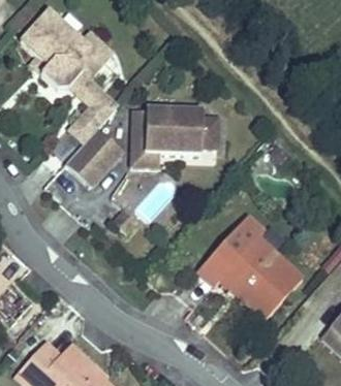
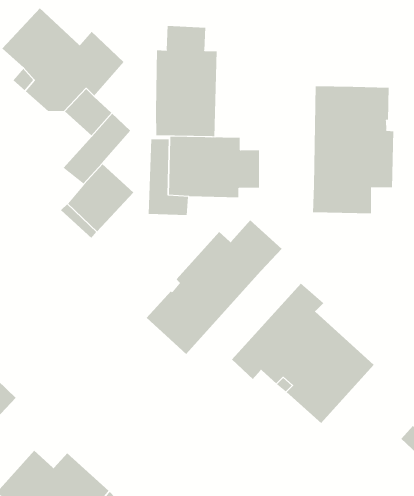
building: none -> [155,25,217,137]
building: none -> [312,85,394,214]
building: none -> [146,220,282,355]

